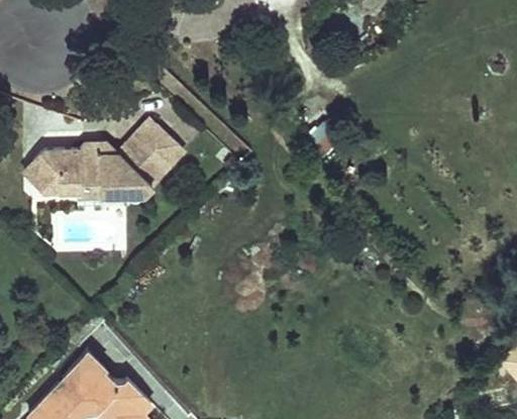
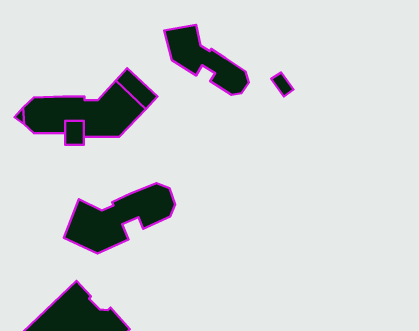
building: none -> [164,25,249,95]
building: none -> [64,183,175,253]

